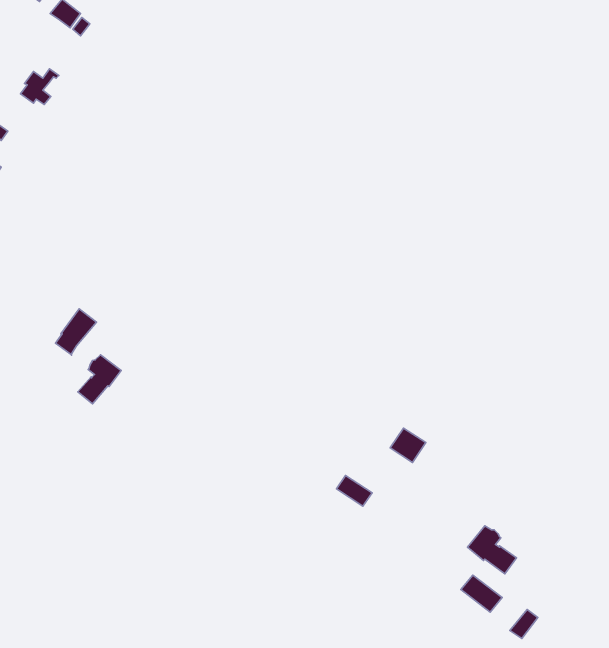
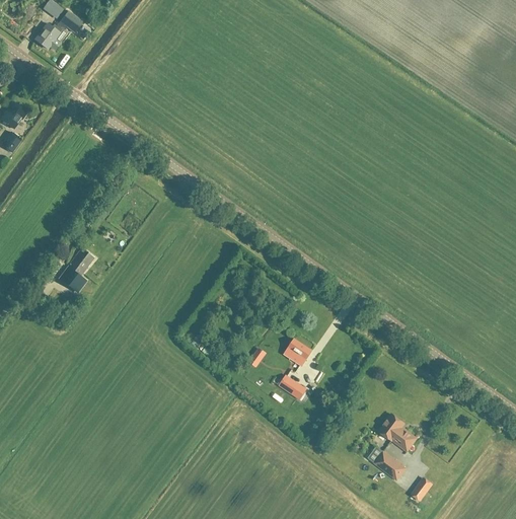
building: [20,69,59,105] -> [38,21,67,49]
building: [78,355,121,404] -> none
building: [390,428,426,463] -> [284,339,311,365]

